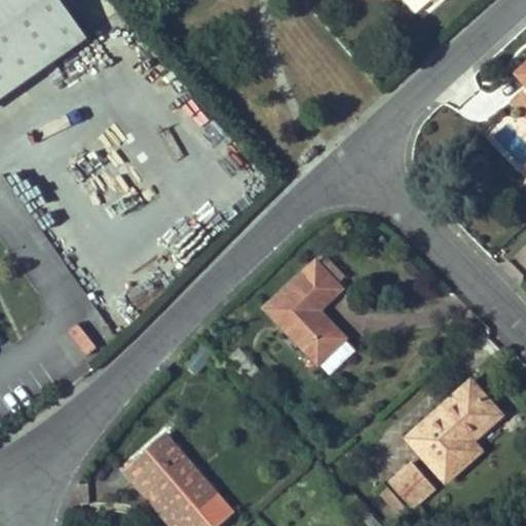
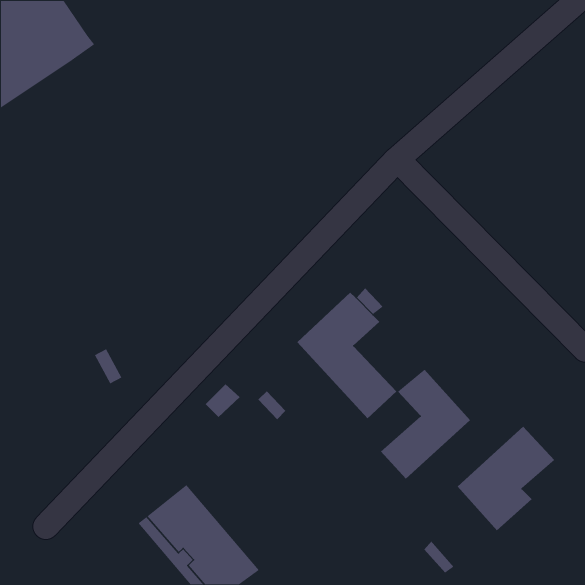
building: none -> [380,369,471,480]
building: [390,461,436,506] -> none

